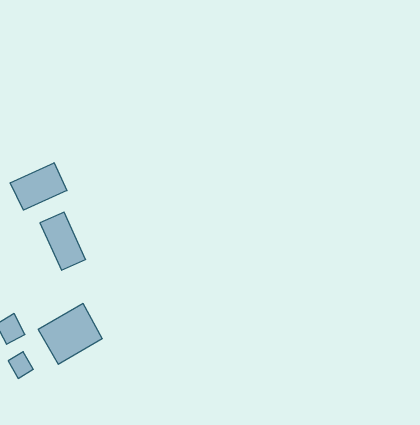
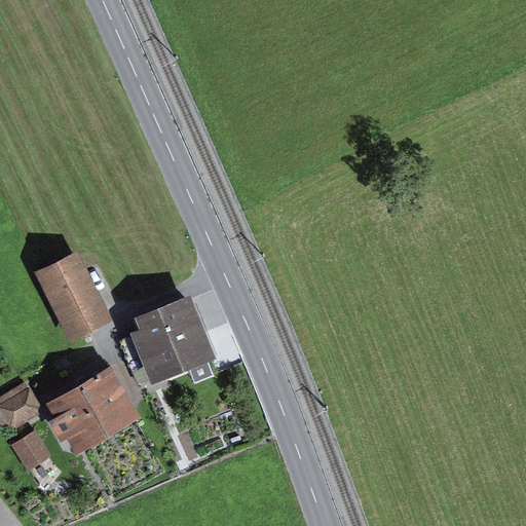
building: [10,163,67,210] -> none
building: none -> [142,305,213,376]

